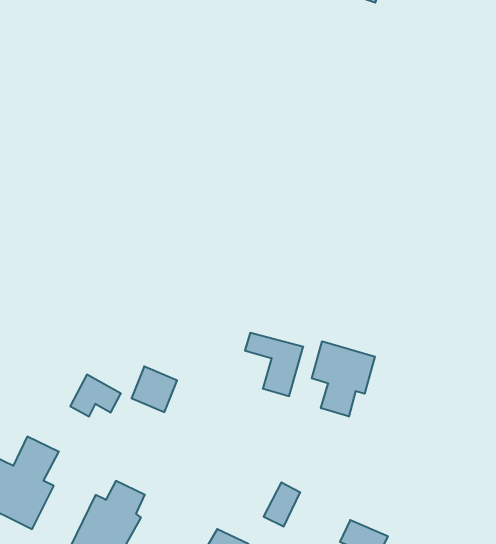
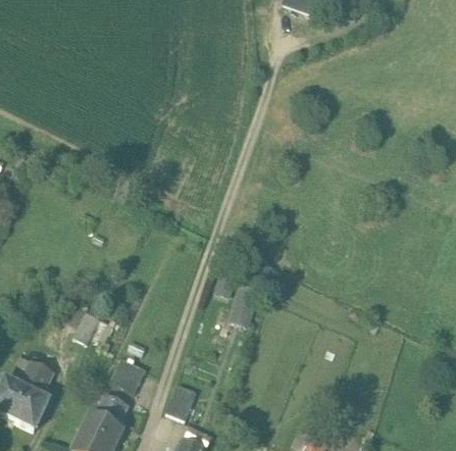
building: [312,341,375,417] -> none
building: [131,366,177,412] -> [105,357,142,394]
building: [264,482,300,527] -> [167,383,197,418]

